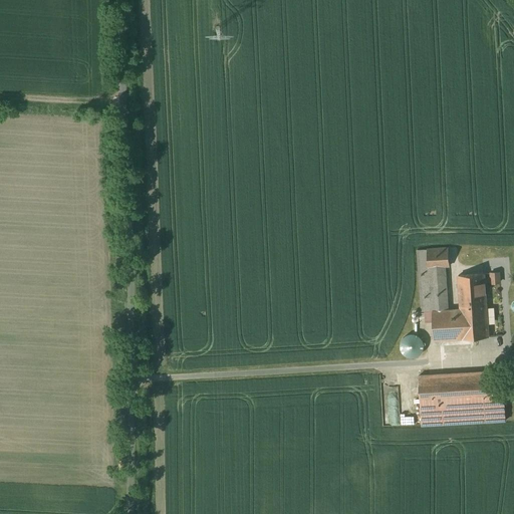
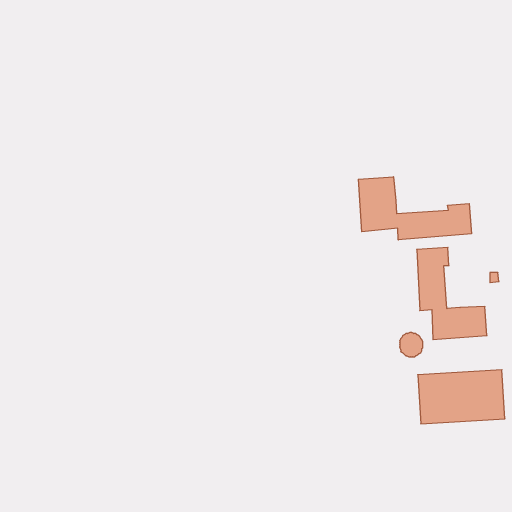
building: none -> [358,177,471,240]
building: [459,273,486,308] -> none

